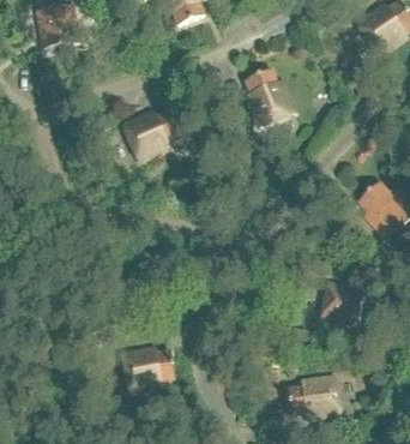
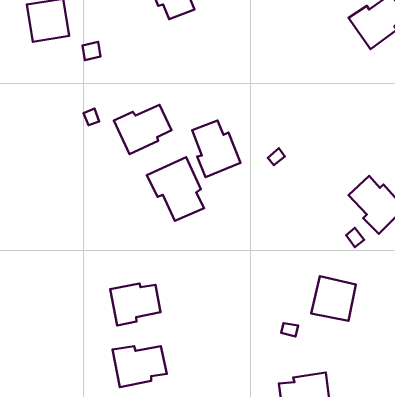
building: [245,68,293,125] -> [192,120,240,177]
building: none -> [147,157,204,221]
building: none -> [110,283,160,326]

